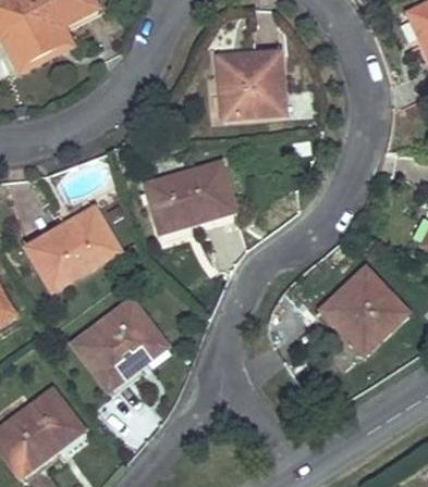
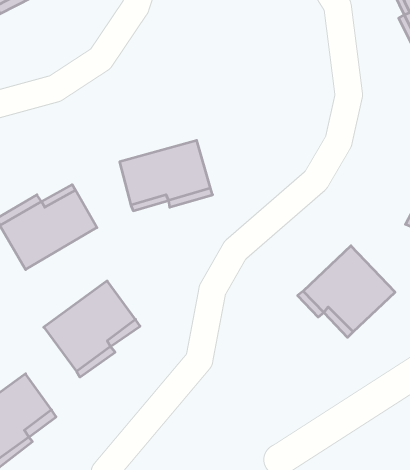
building: [210,50,286,121] -> none

